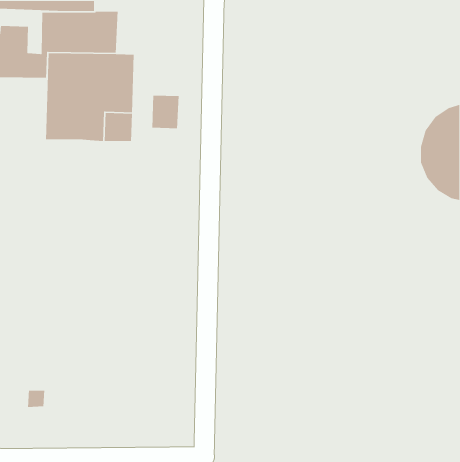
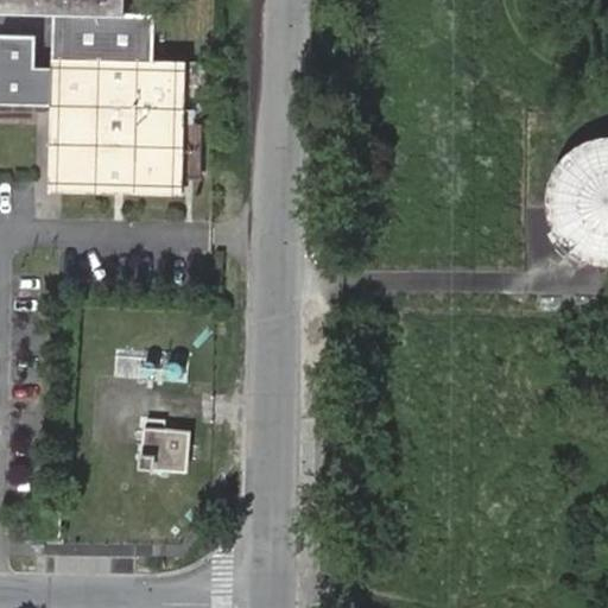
building: [151,95,179,129] -> none
building: none -> [141,429,189,470]

